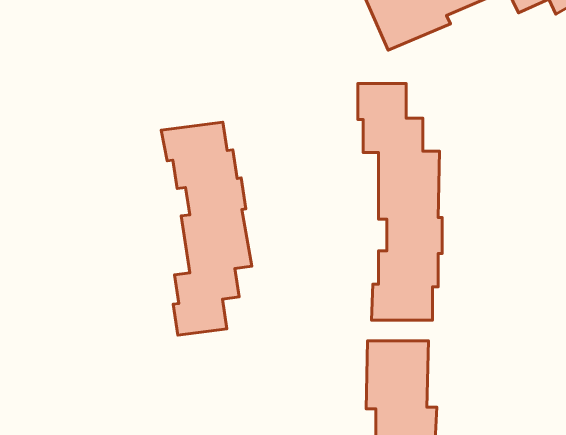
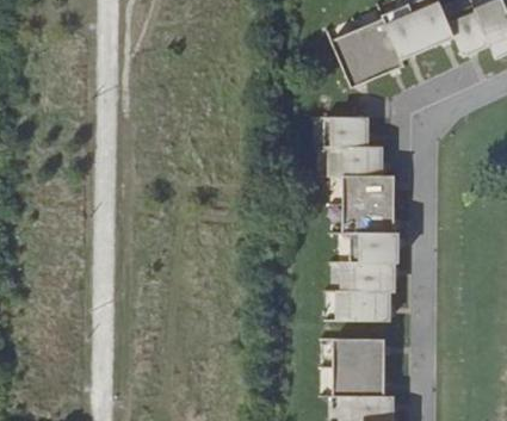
building: [161,122,252,335] -> none

